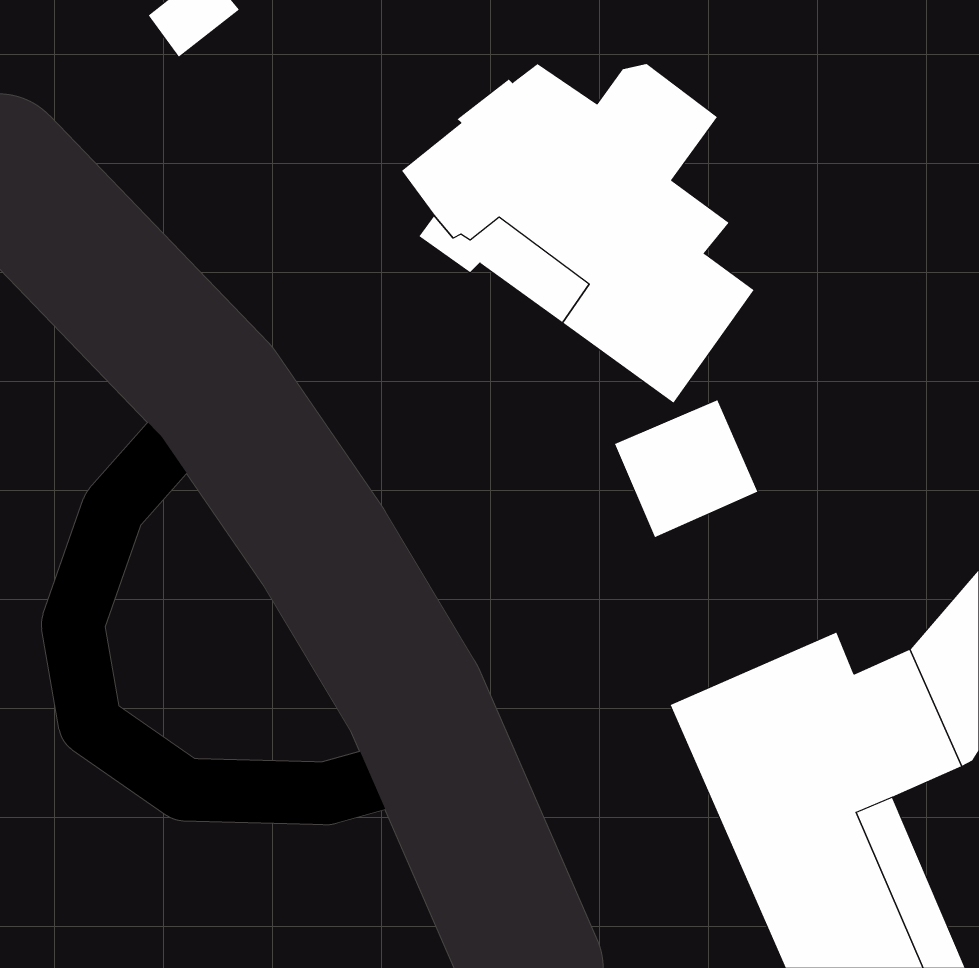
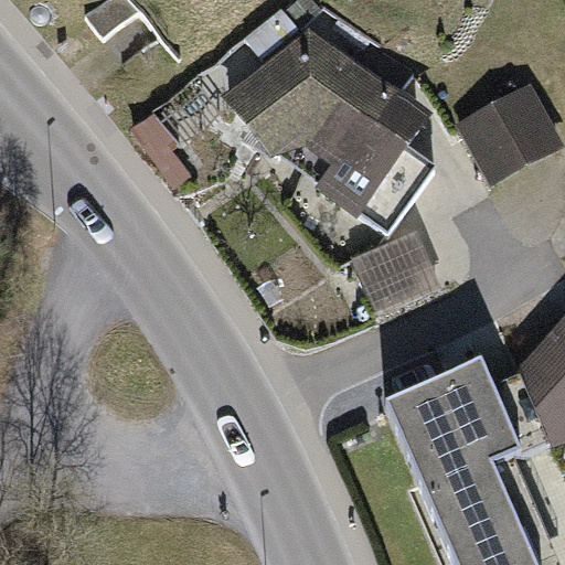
building: none -> [459,83,556,175]

